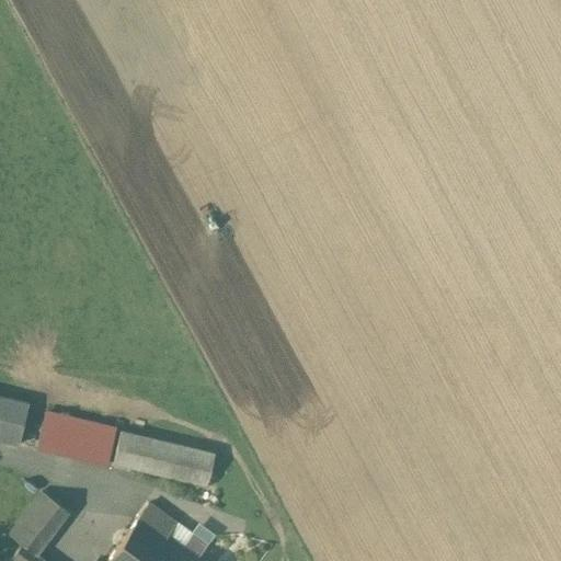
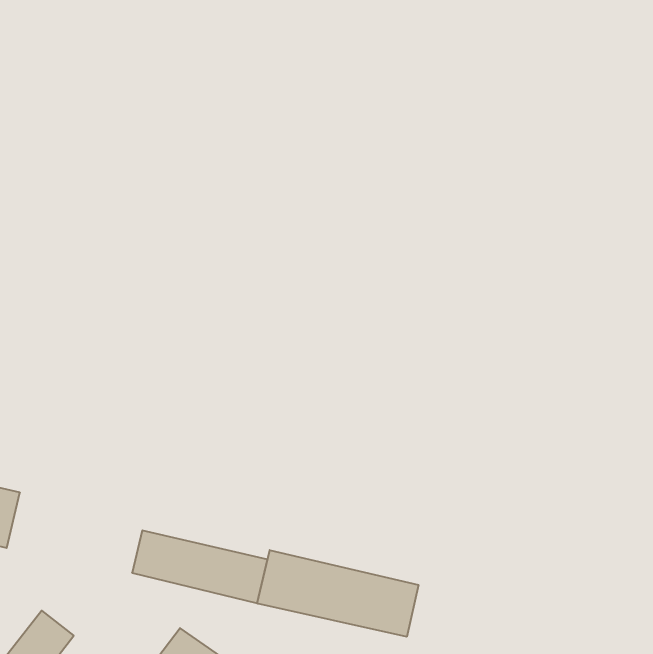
building: [38,414,117,466] -> none
building: none -> [257,550,418,637]

